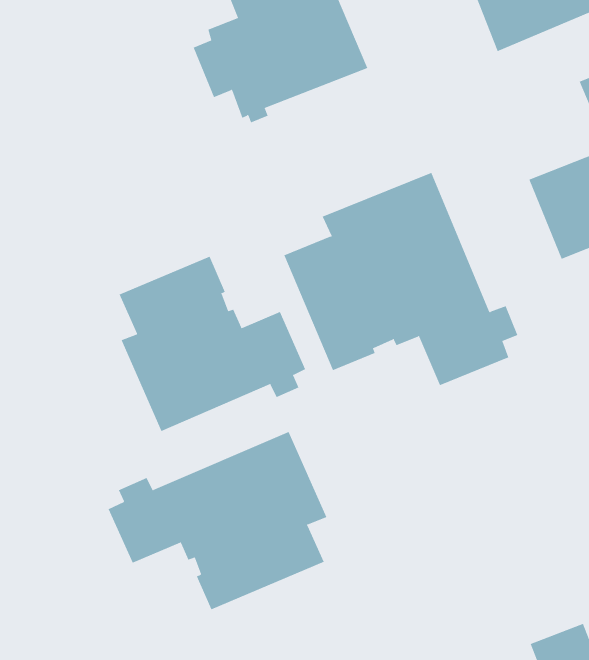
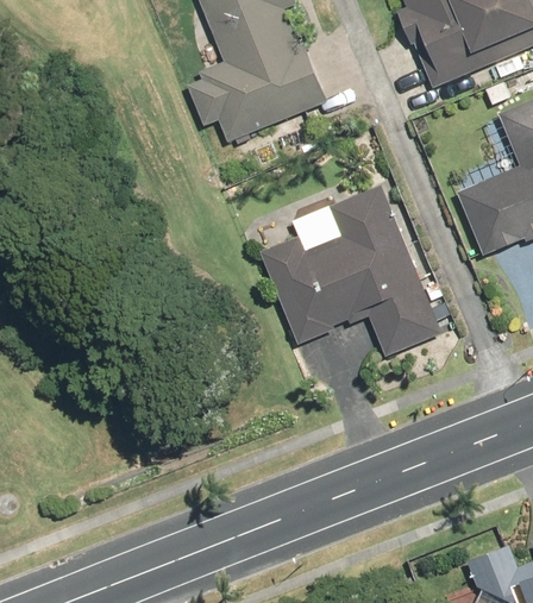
building: [119,256,306,432] -> none
building: [108,431,327,610] -> none

